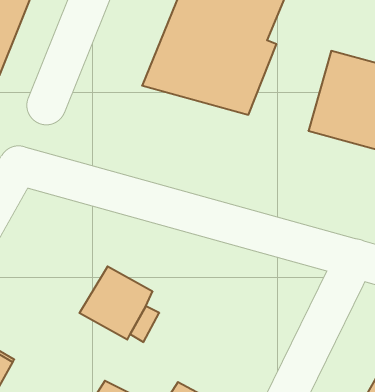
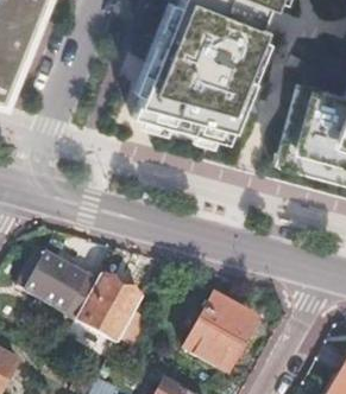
building: none -> [24,253,97,318]
building: none -> [184,296,253,373]

